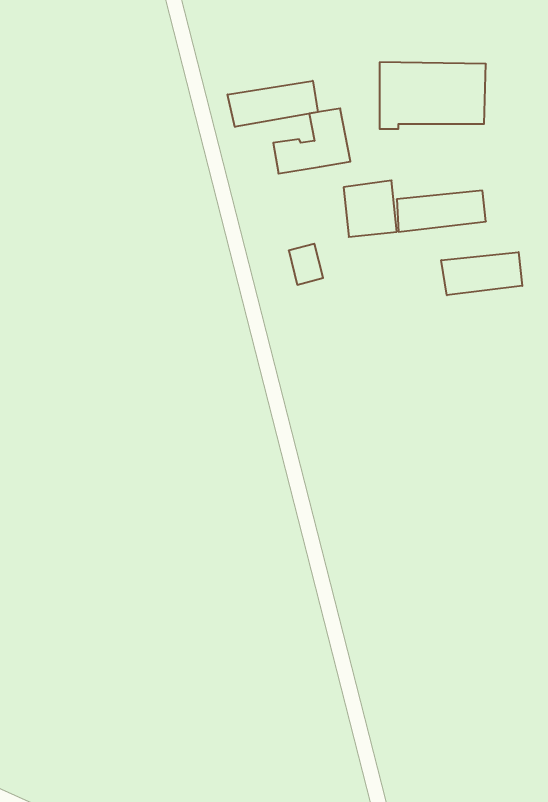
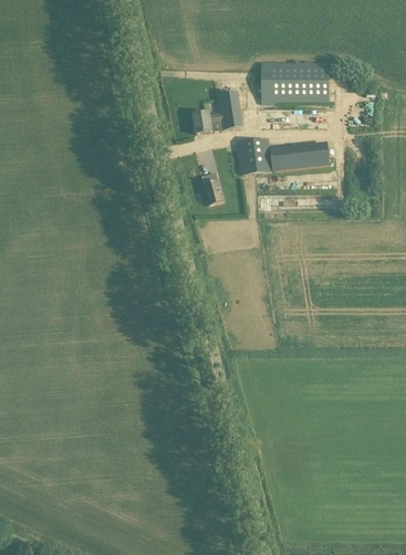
building: [228,81,318,127] -> none
building: [441,252,522,295] -> none

